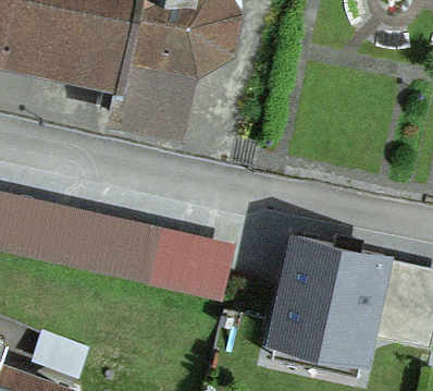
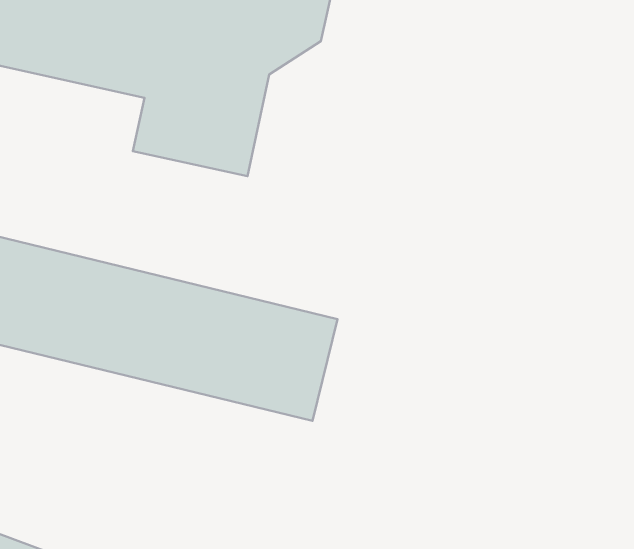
building: [268,241,380,367] -> none

